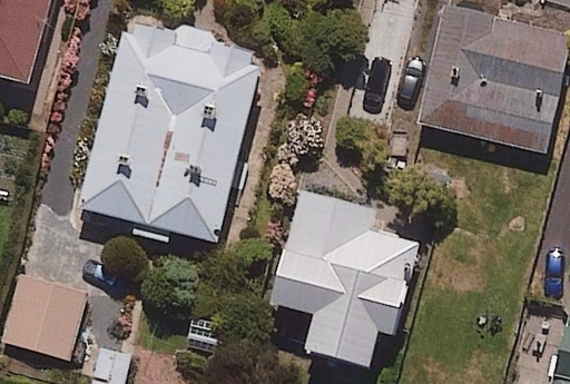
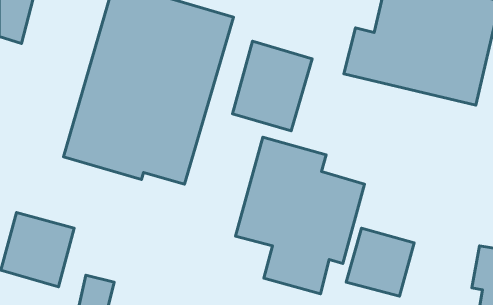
building: none -> [232,41,312,131]
building: none -> [346,228,414,296]

